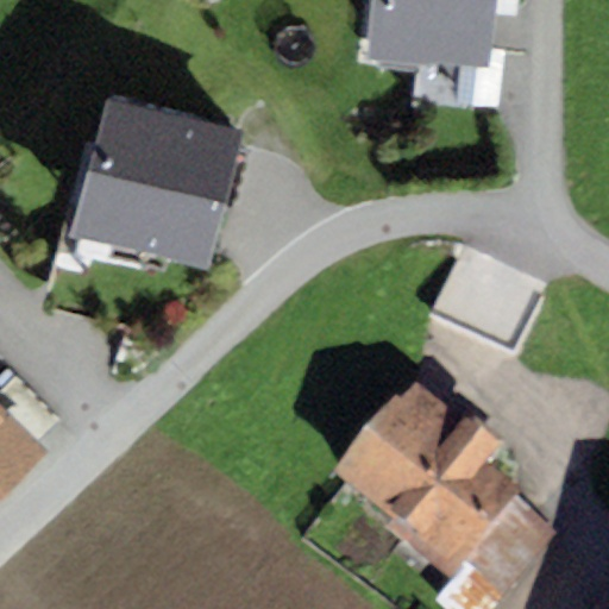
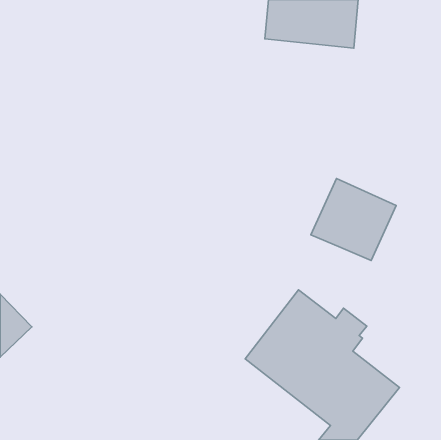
building: [69,90,244,269] -> none

